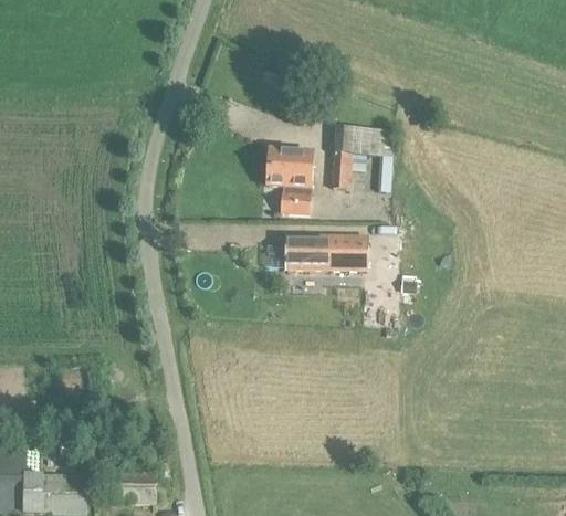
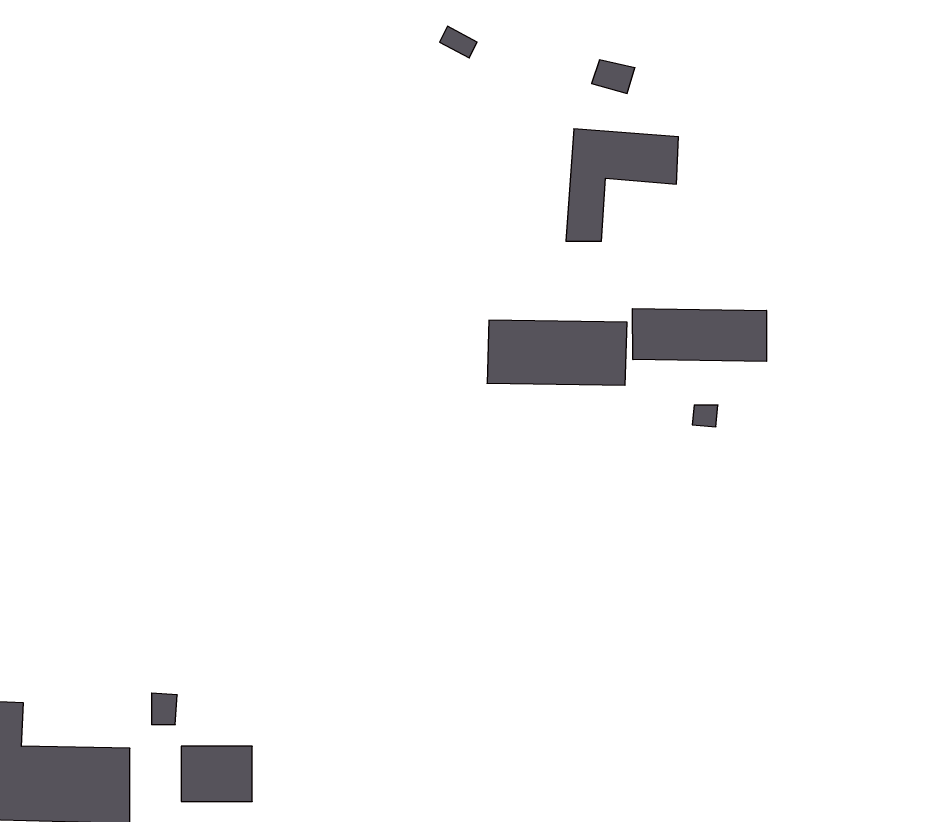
building: [266,149,312,213] -> none
building: none -> [633,309,767,361]

